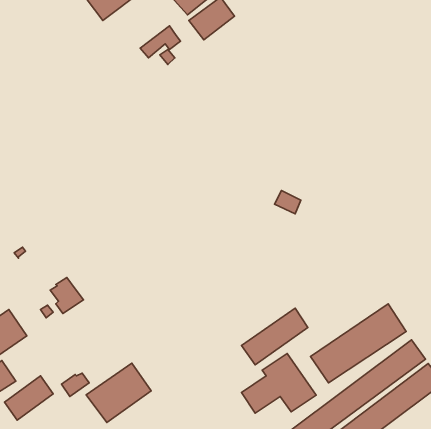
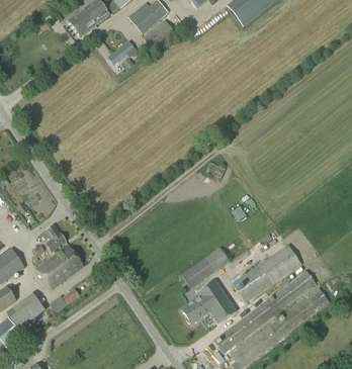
building: [86,363,151,423] -> [35,245,83,288]

